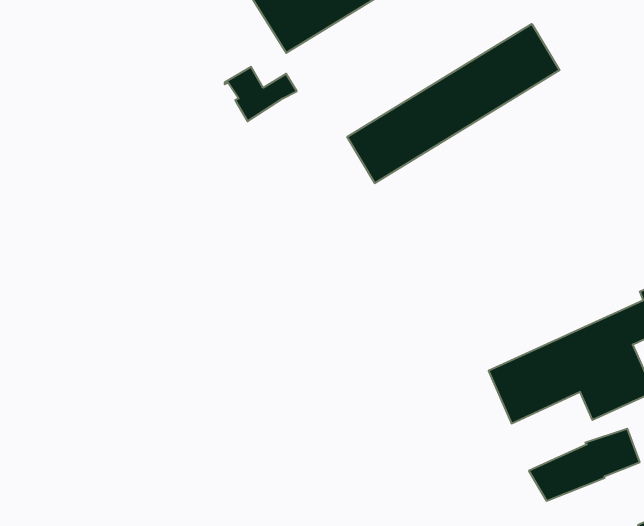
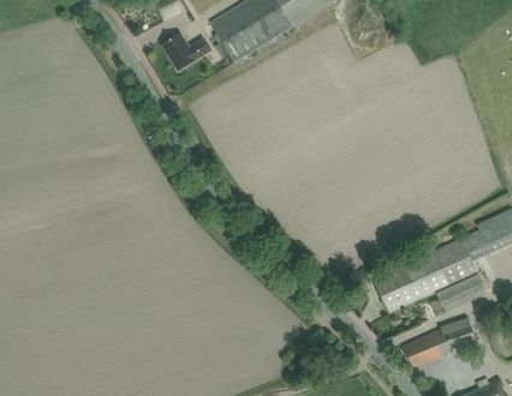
building: [347,24,559,183] -> none
building: [225,67,297,121] -> [161,32,210,70]

